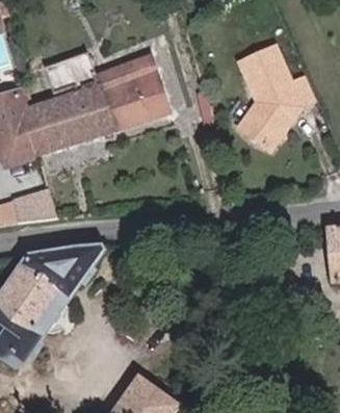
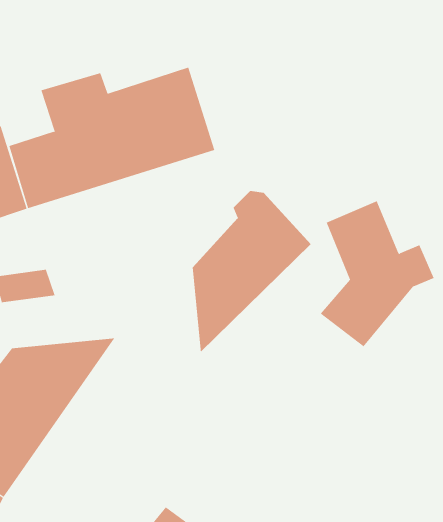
building: [239,41,320,145] -> [320,200,434,347]
building: none -> [192,190,312,353]

